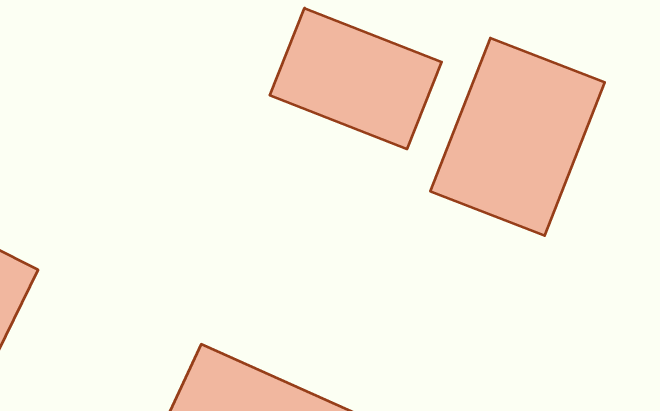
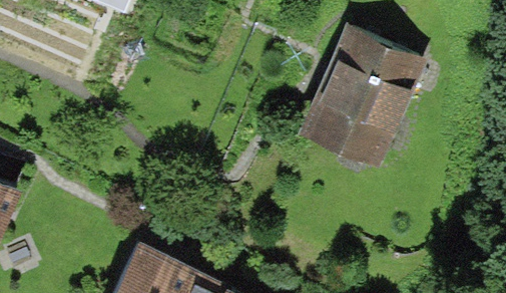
building: [270,8,442,149] -> none

